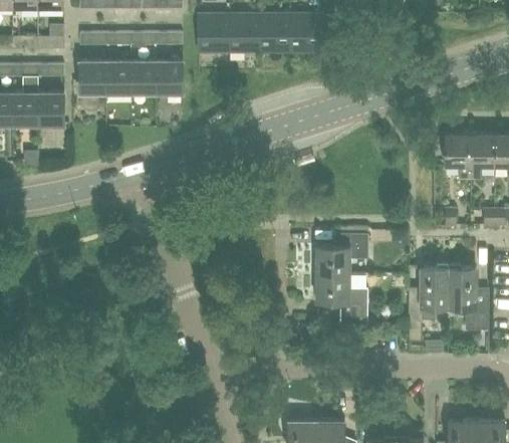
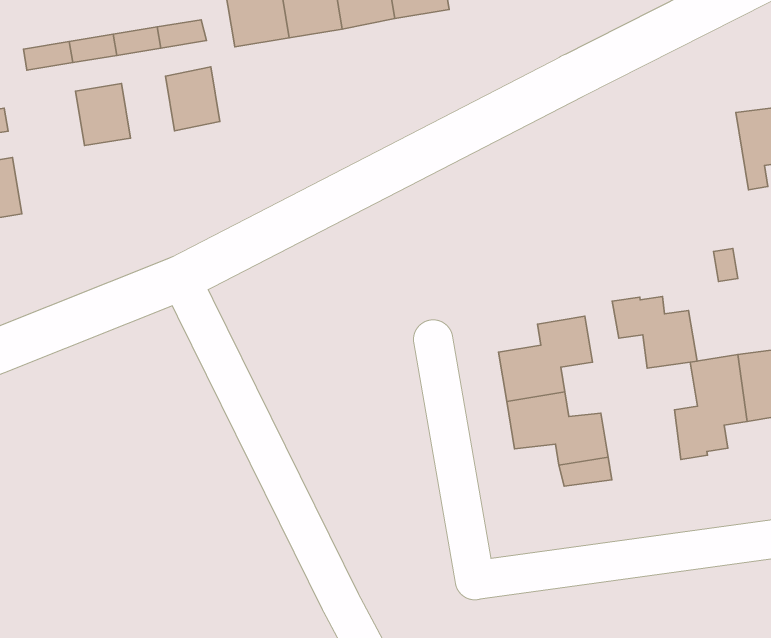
building: [79,61,105,92] -> none
building: [132,61,157,92] -> none
building: [445,134,470,178] -> none
building: none -> [612,297,697,368]

